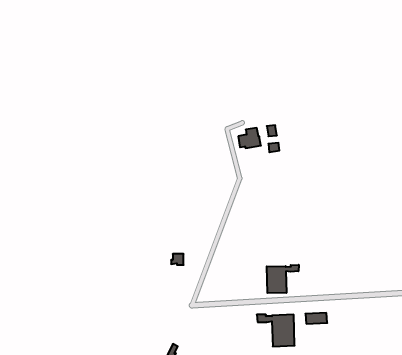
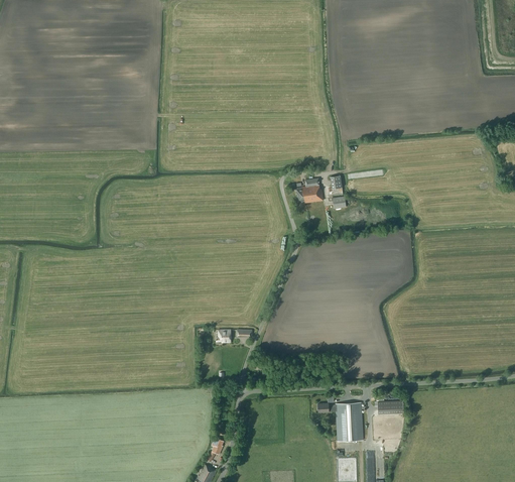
building: [267,265,299,293] -> none

